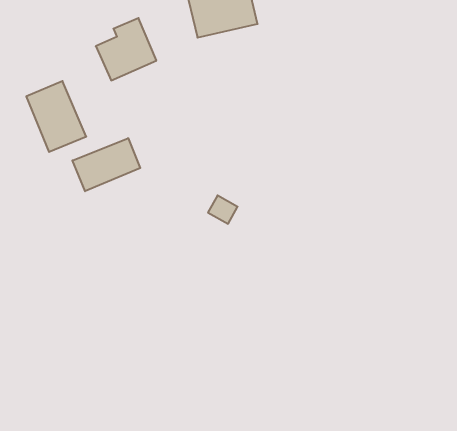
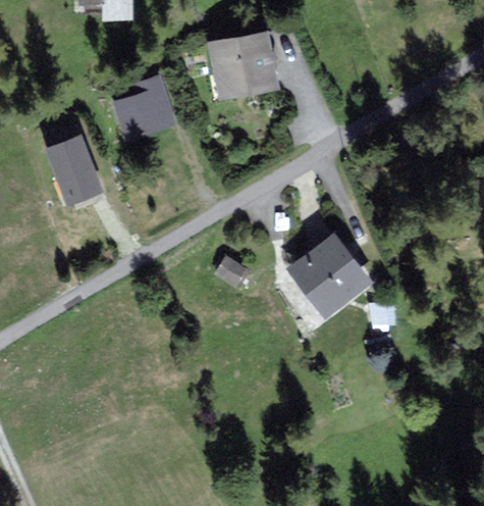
building: [72,138,140,191] -> none
building: none -> [288,237,369,319]

